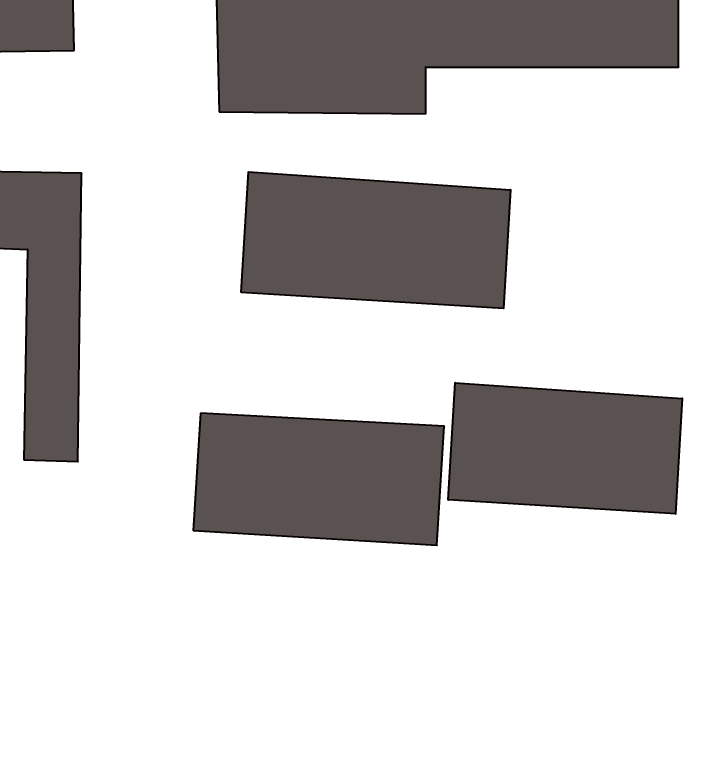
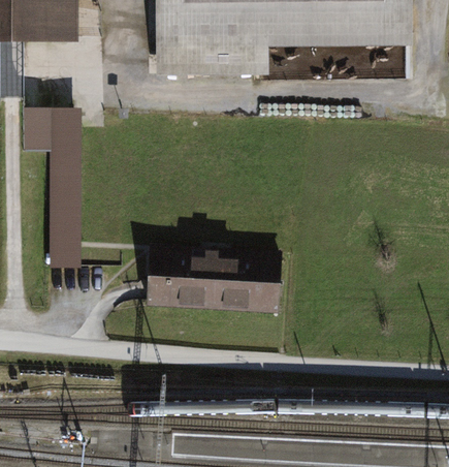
building: [241,172,511,308] -> none
building: [448,383,682,514] -> none

